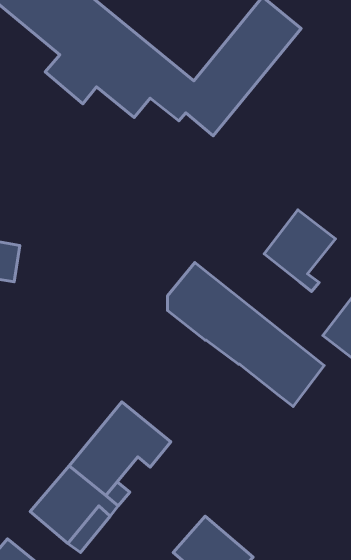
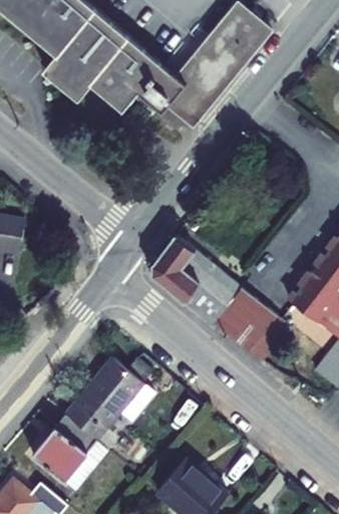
building: [264,210,335,292] -> none

